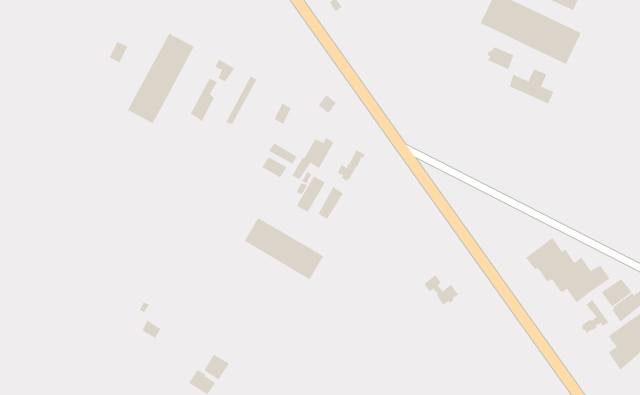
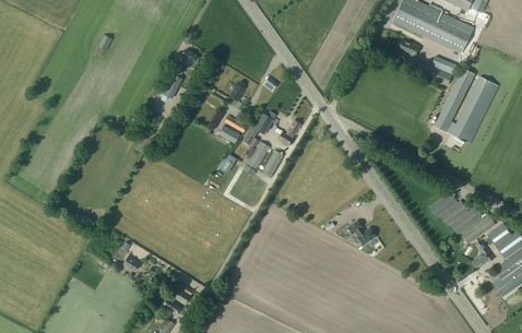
building: [127,33,195,124] -> none
building: none -> [432,68,499,143]
building: [244,217,324,280] -> none

